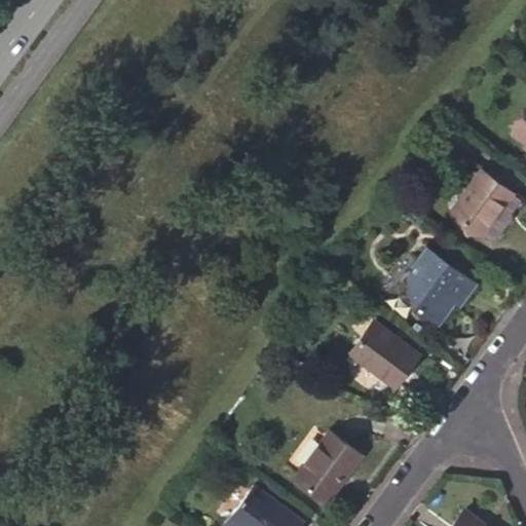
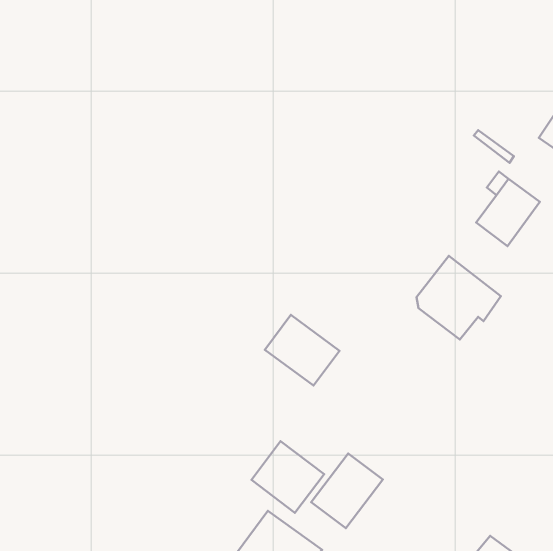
building: [350,323,421,389] -> [265,315,340,385]
building: none -> [251,441,324,513]

